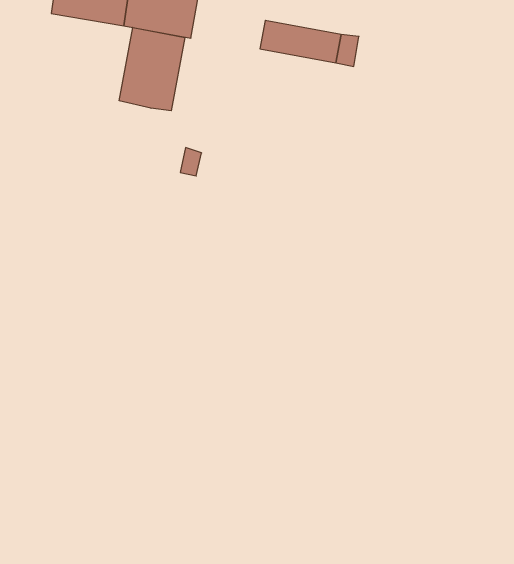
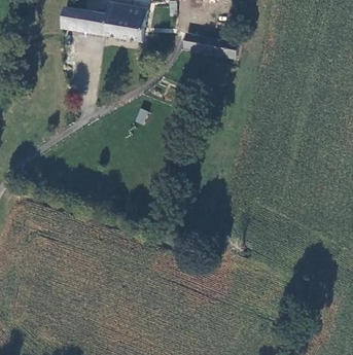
building: [119,27,185,111] -> none

